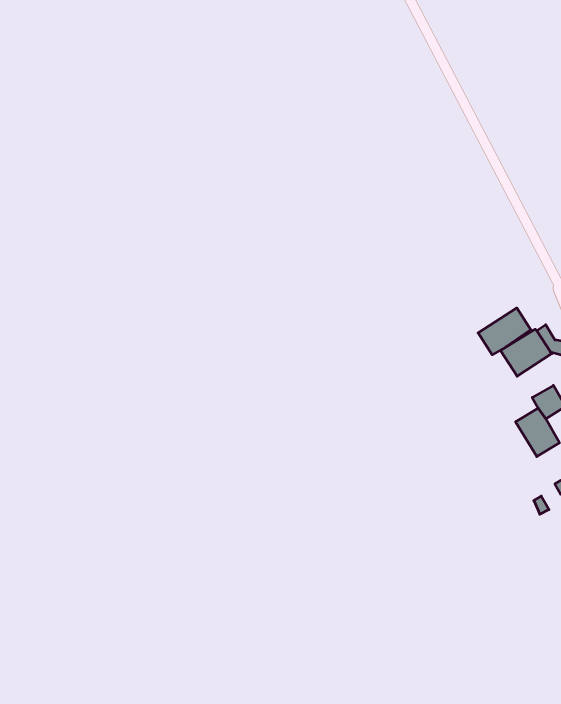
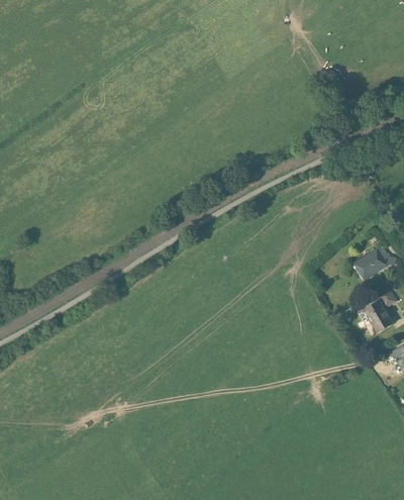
building: [478,308,531,355] -> none

